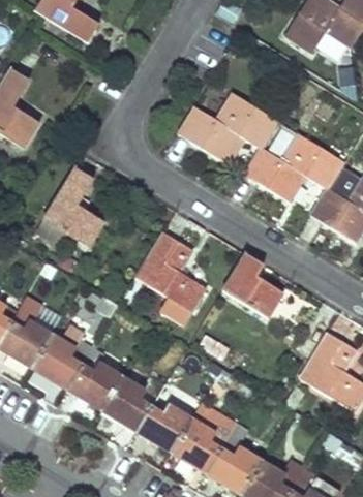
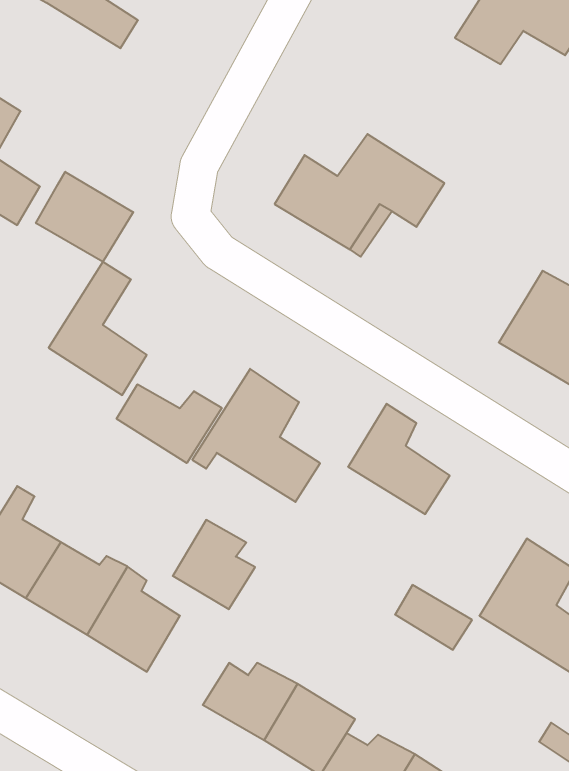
building: none -> [36,172,133,262]
building: [245,129,344,200] -> none
building: none -> [117,384,222,463]
building: [102,376,151,429] -> [173,520,255,609]
building: [191,399,237,437] -> [395,585,472,650]

